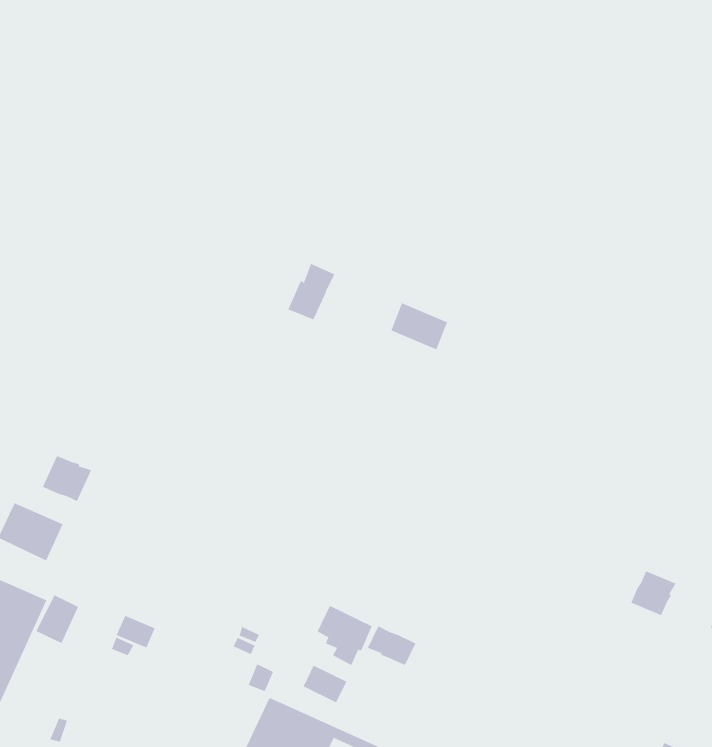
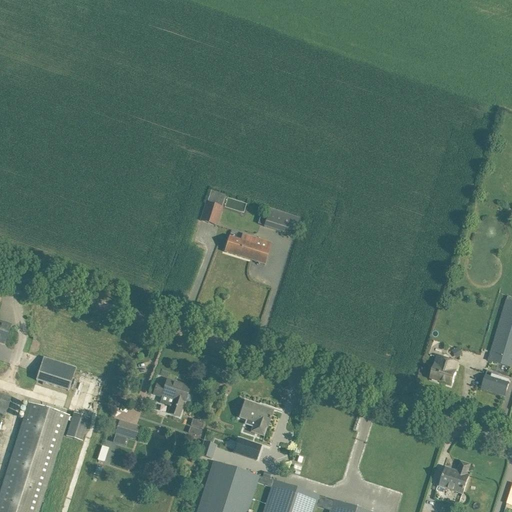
building: none -> [224,232,272,264]
building: [42,455,92,502] -> none
building: none -> [153,379,190,417]
building: [367,626,416,666] -> none

